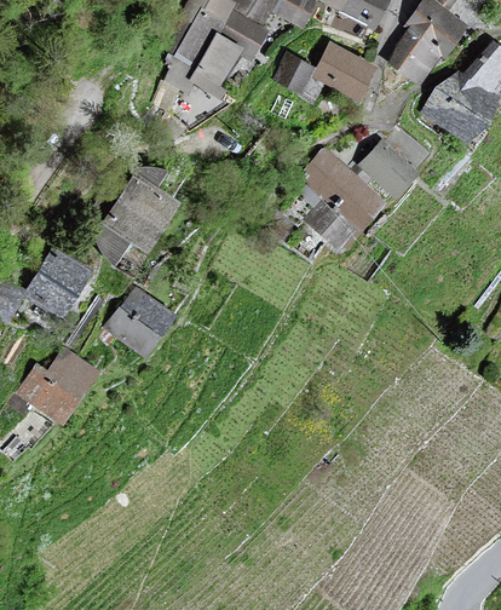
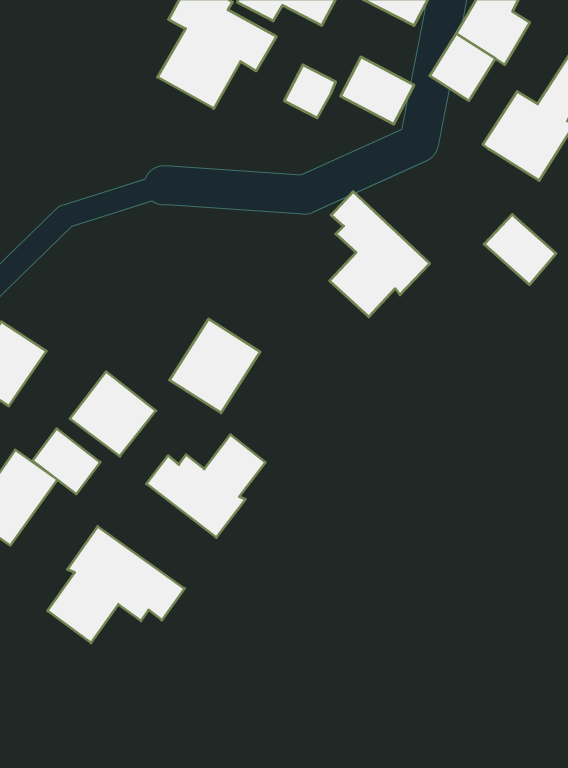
building: [362,143,418,197] -> [484,214,556,285]
building: [105,177,175,249] -> [169,319,260,413]
building: none -> [33,429,100,494]
building: none -> [146,435,265,538]
building: none -> [48,526,185,643]

